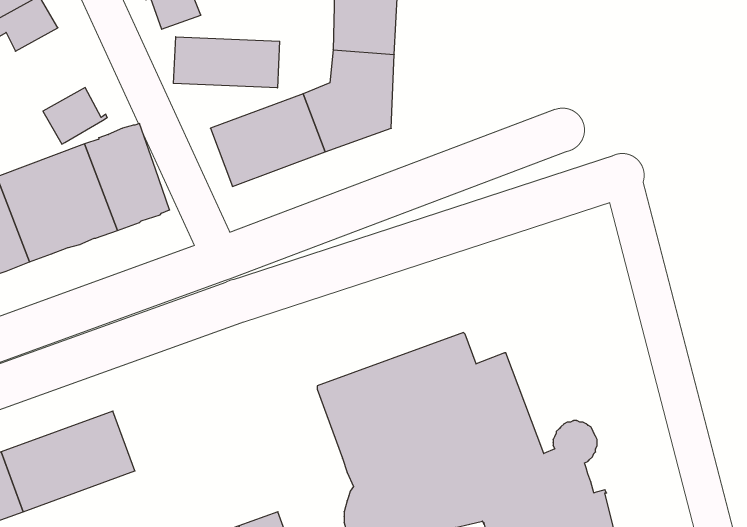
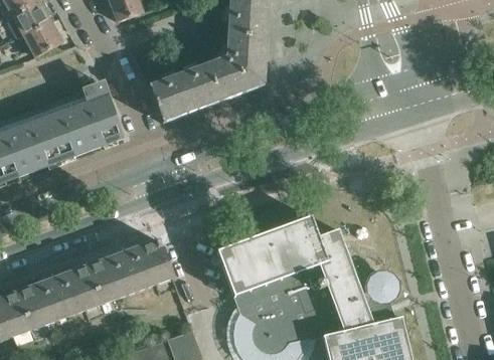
building: [173,37,280,88] -> none
building: [43,88,107,144] -> [23,21,64,57]
building: none -> [86,239,171,305]

